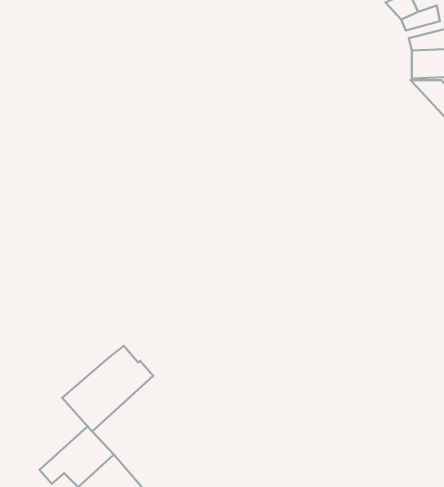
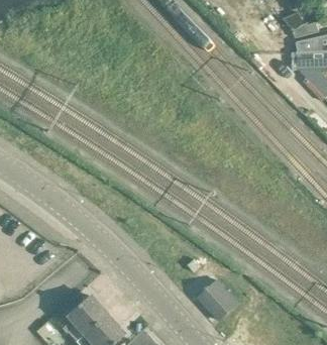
building: [62,346,153,431] -> none
building: none -> [199,280,239,321]

